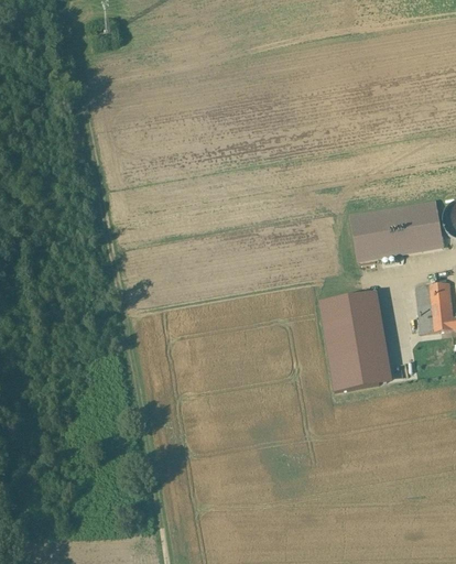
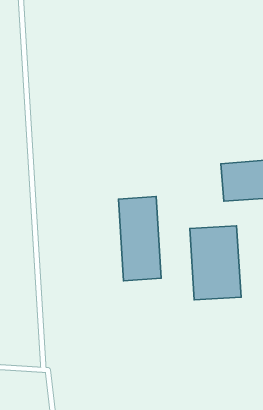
building: none -> [119,197,161,281]

